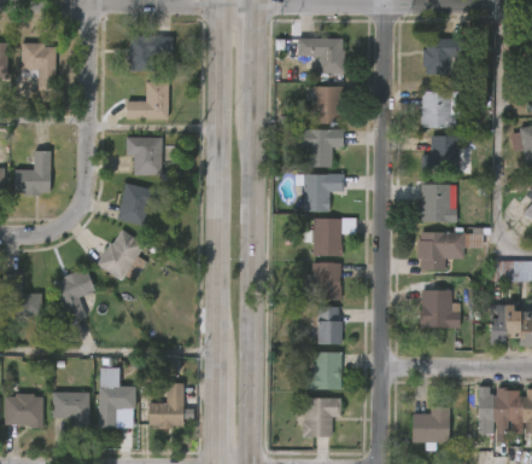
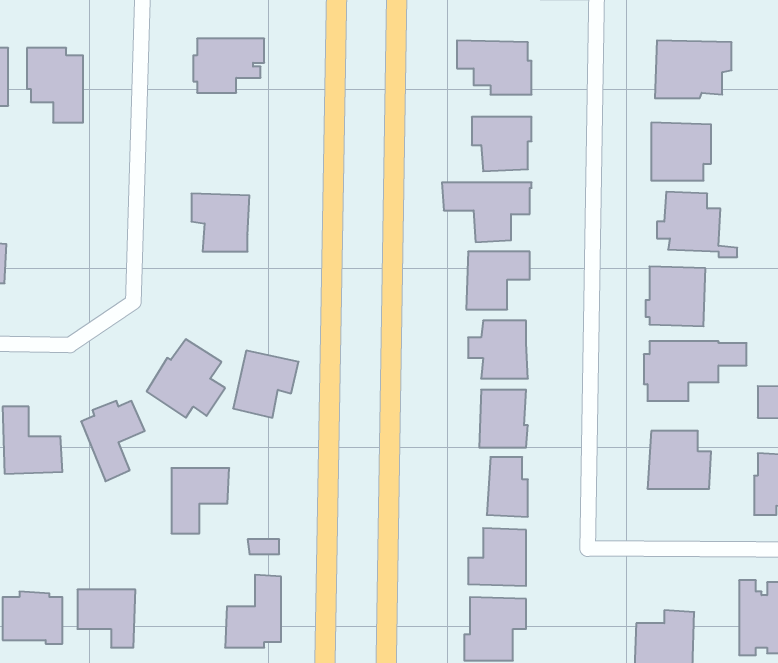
building: [125,81,168,118] -> none
building: [11,150,51,196] -> none
building: [117,181,159,225] -> [233,351,299,418]
building: [98,385,135,428] -> [171,468,229,533]

